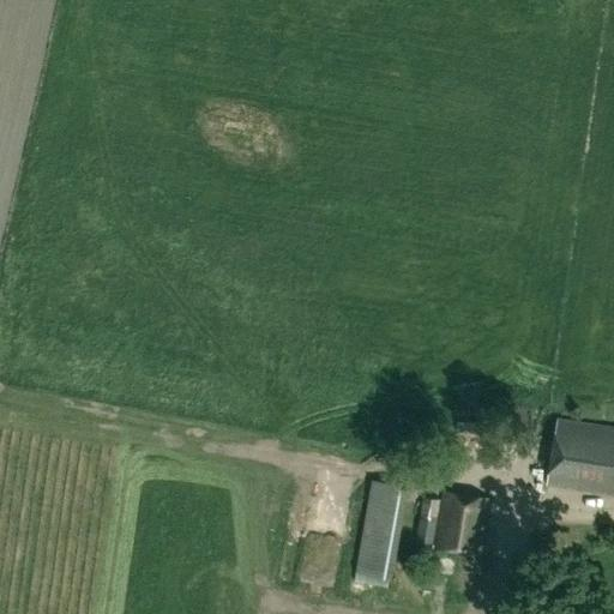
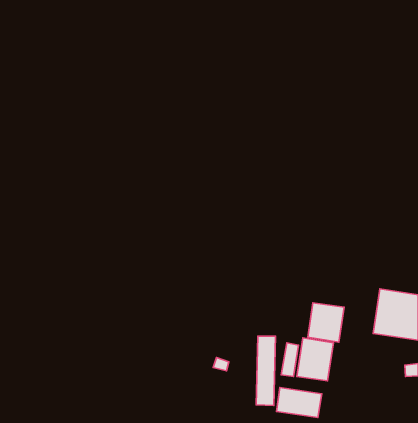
building: none -> [308,303,344,342]
building: none -> [277,387,322,418]

